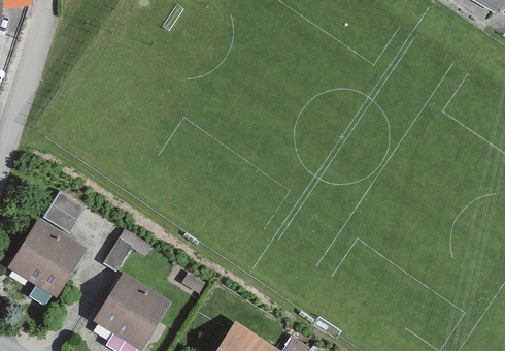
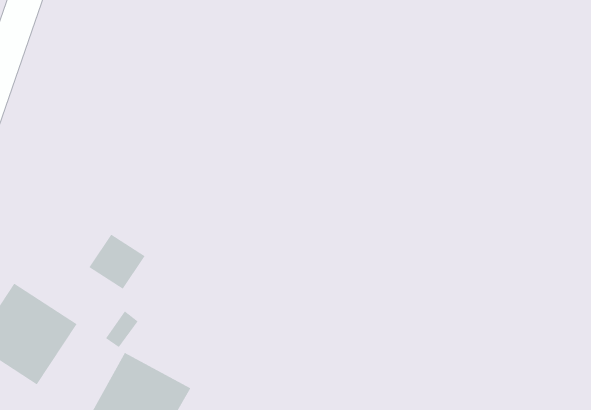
building: [43,194,86,235] -> [89,234,145,289]

